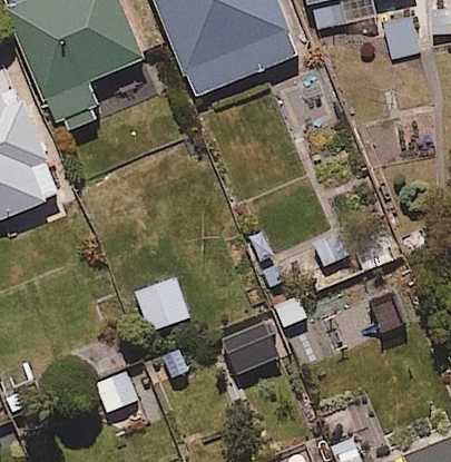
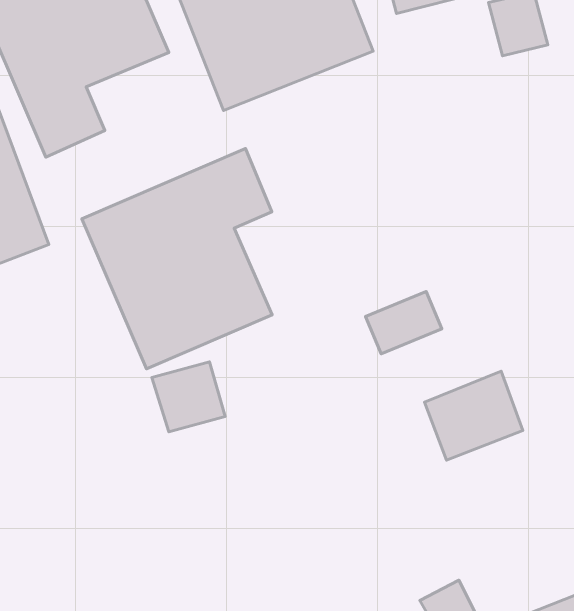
building: none -> [82,148,272,369]

